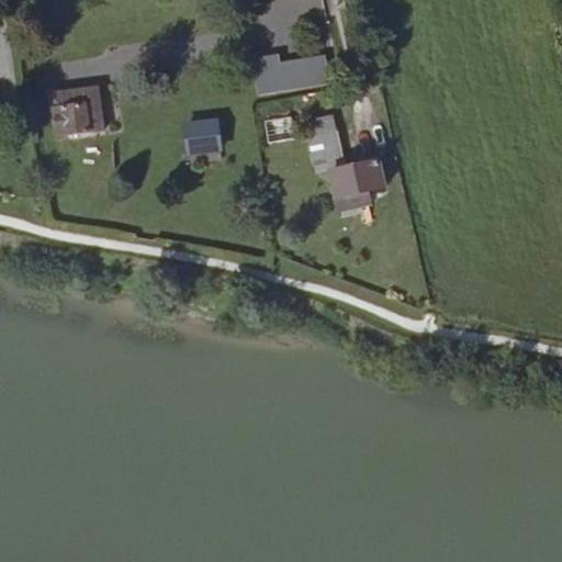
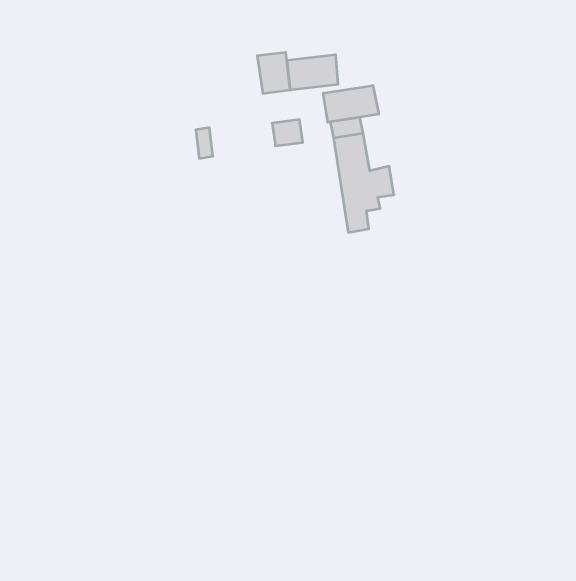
building: none -> [323,85,379,122]
building: [52,89,102,139] -> none

